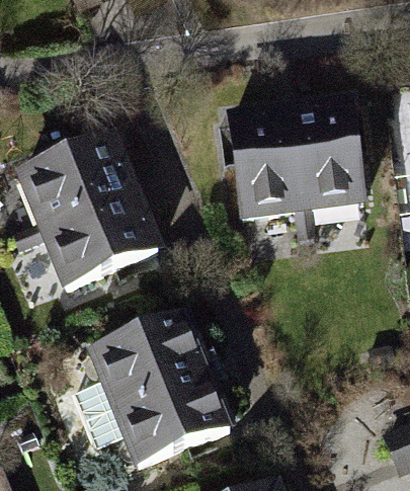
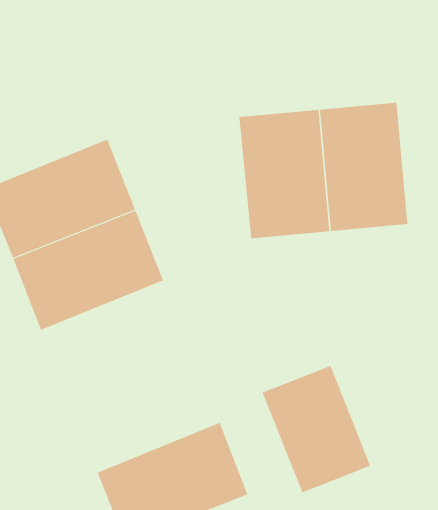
building: [84,310,210,410] -> none
building: none -> [262,365,371,493]

